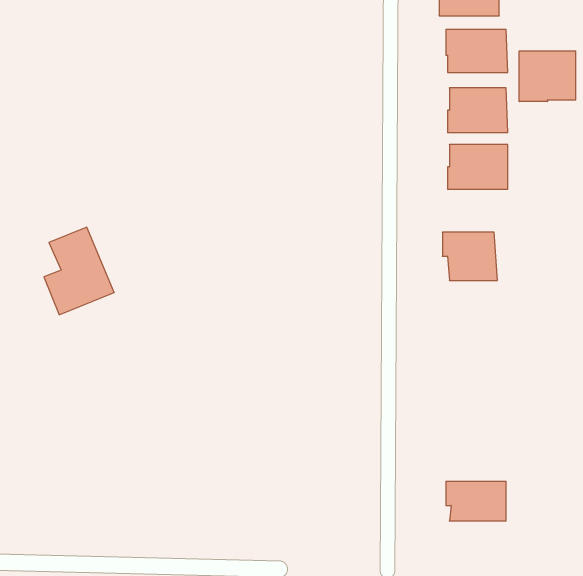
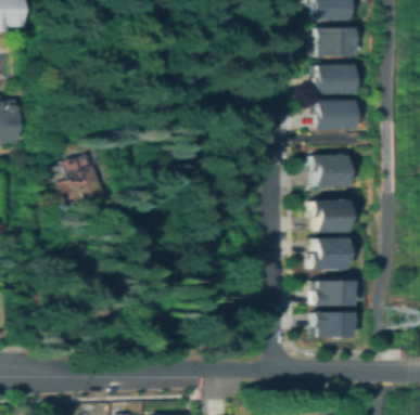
building: [519,51,576,102] -> none
building: none -> [314,200,345,231]
building: none -> [314,238,348,269]
building: none -> [316,280,355,304]

